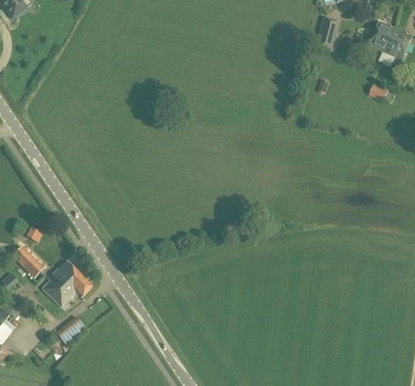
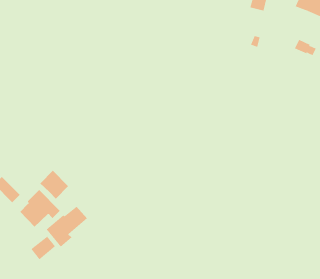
building: none -> [40,170,69,200]
building: none -> [46,206,88,247]

